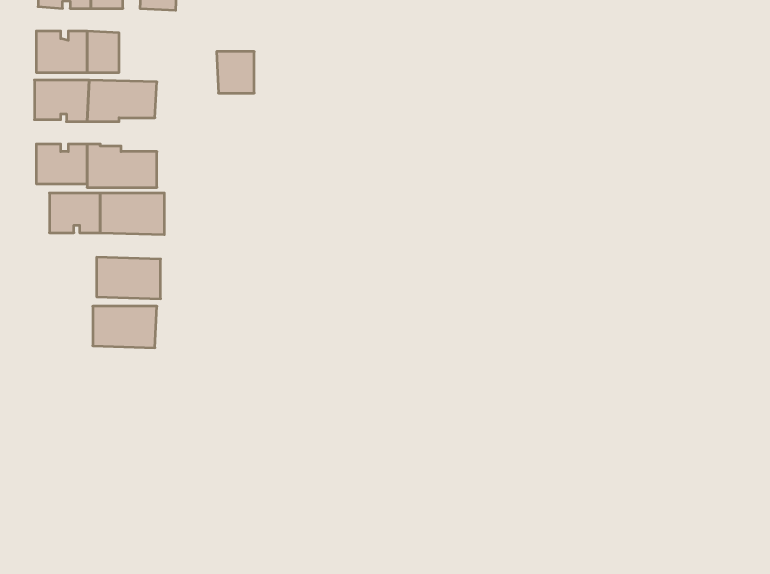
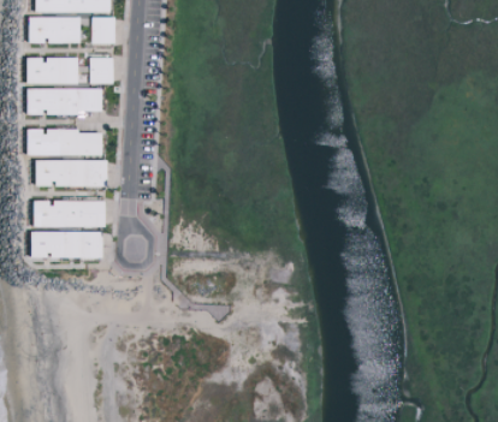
building: [217,52,254,93] -> [90,58,114,84]
building: none -> [32,201,65,226]
building: none -> [30,231,63,257]

